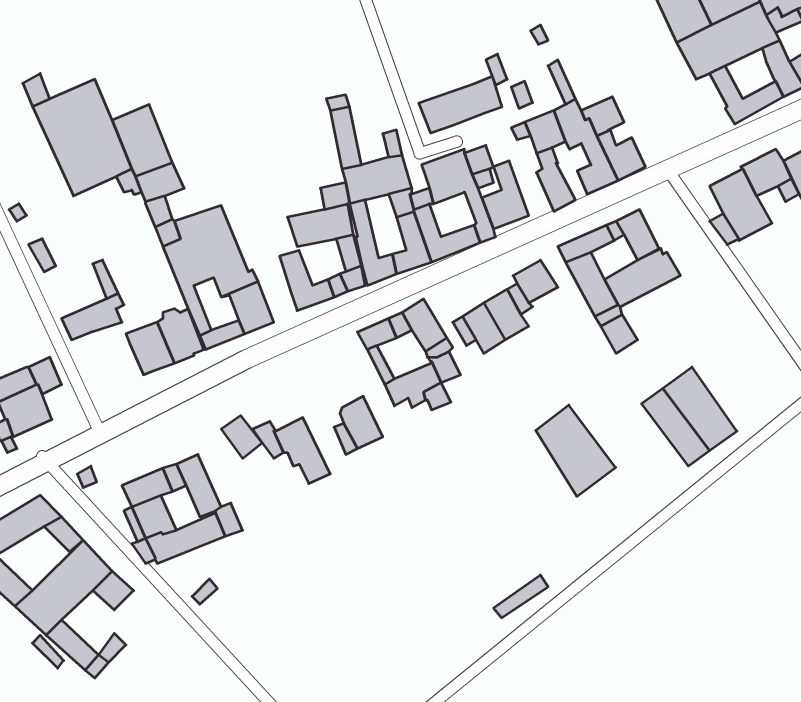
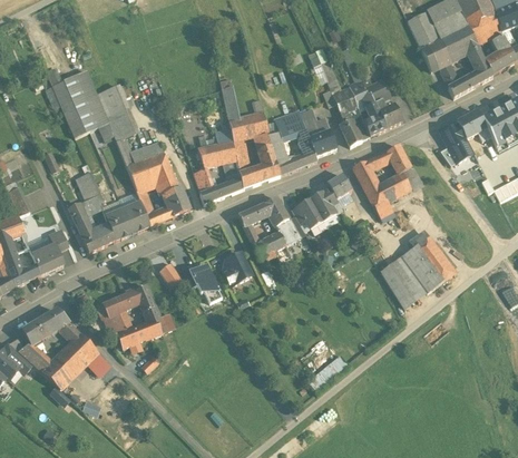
building: [419,76,502,133] -> none
building: none -> [74,215,115,252]
building: [536,405,616,496] -> [381,256,427,309]

